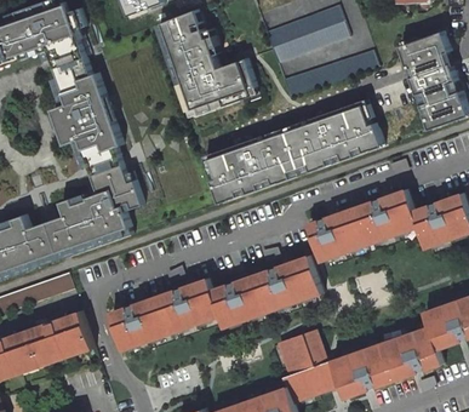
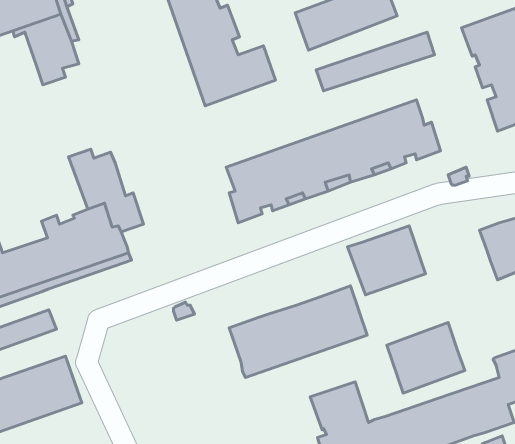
building: [51,73,121,151] -> none
building: [356,188,419,245] -> [387,323,465,393]
building: [109,279,221,350] -> none

